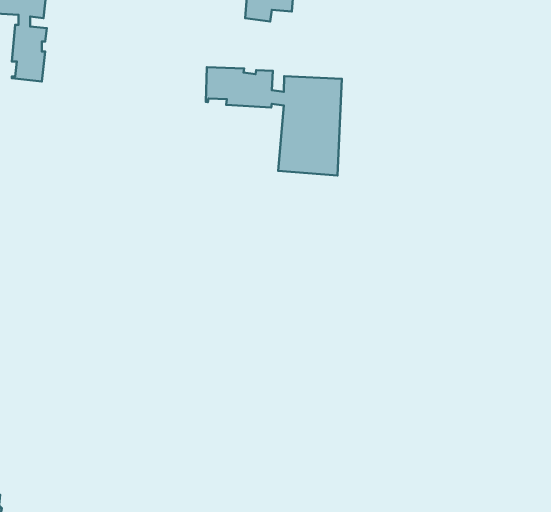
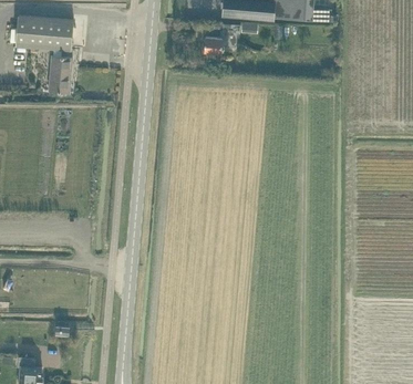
building: [206,67,342,176] -> none

